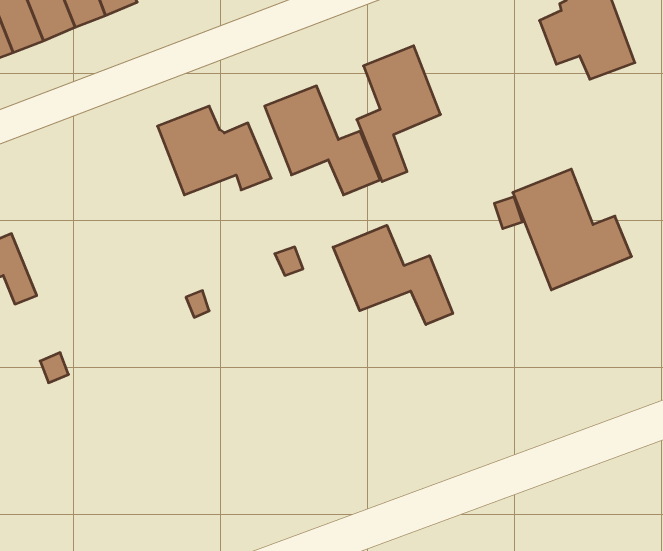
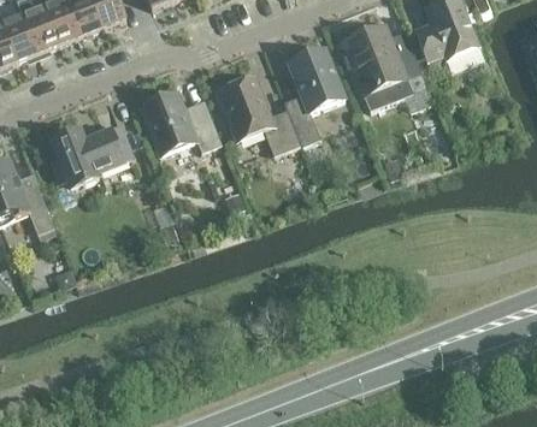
building: none -> [53,125,134,183]
building: [513,169,632,290] -> [343,23,429,109]
building: [333,225,453,325] -> none

